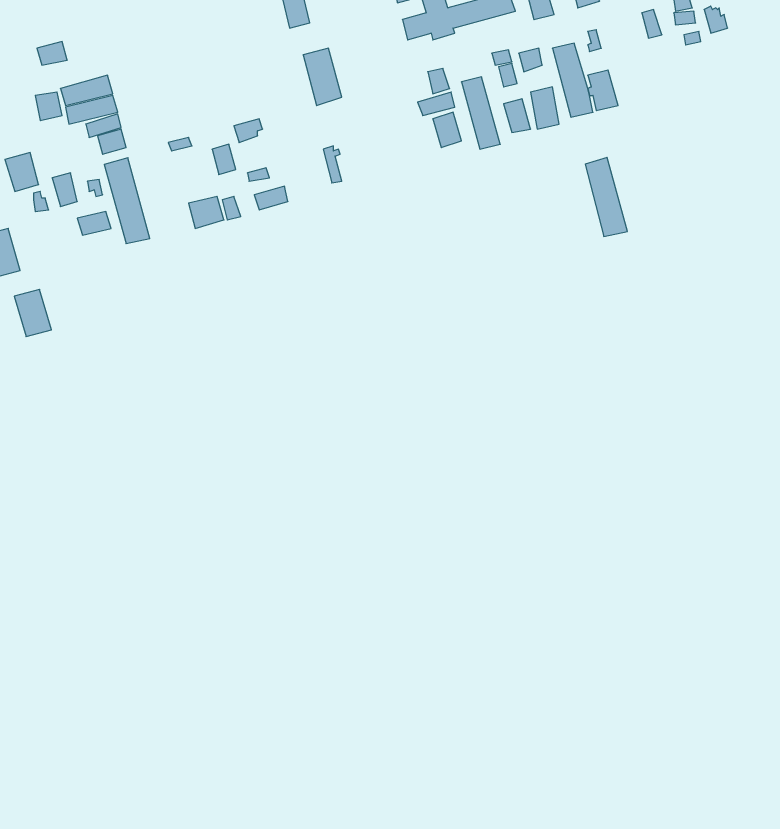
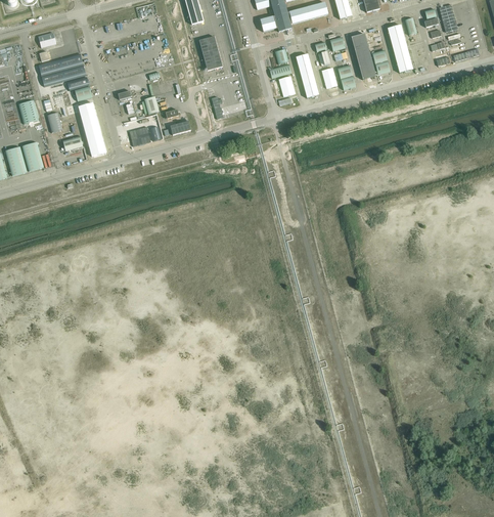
building: [585,157,627,236] -> [388,24,413,72]
building: [14,289,51,337] -> [21,141,44,170]

